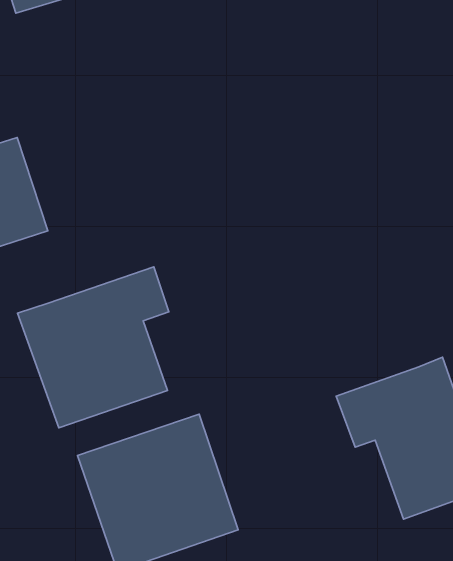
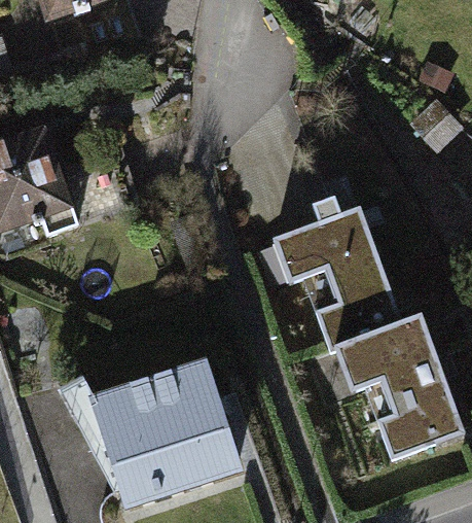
building: none -> [267,205,400,351]
building: [17,267,169,428] -> none

